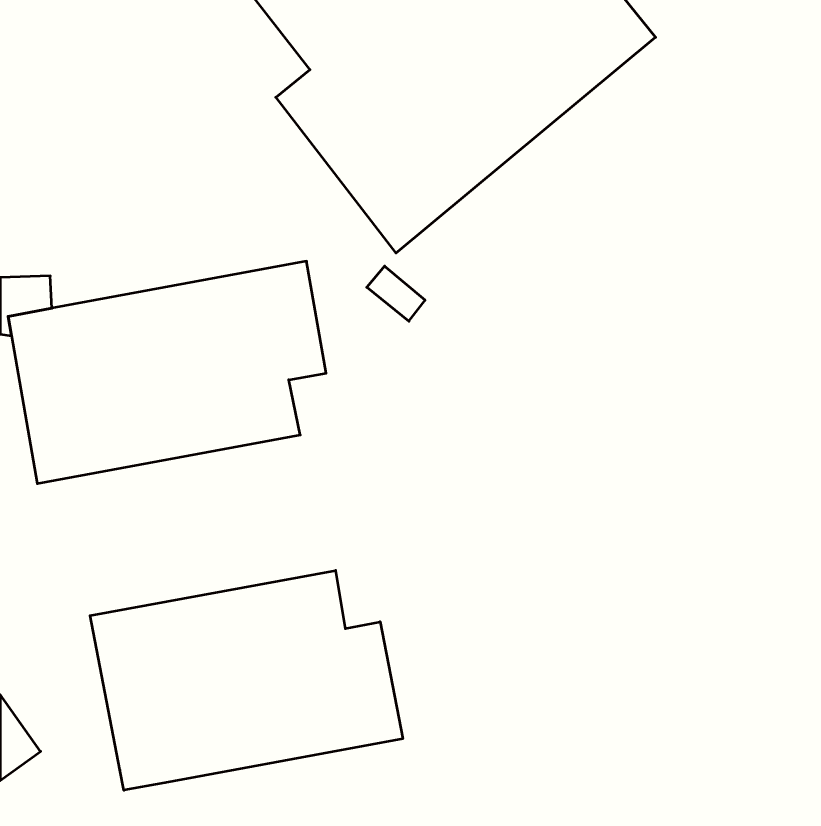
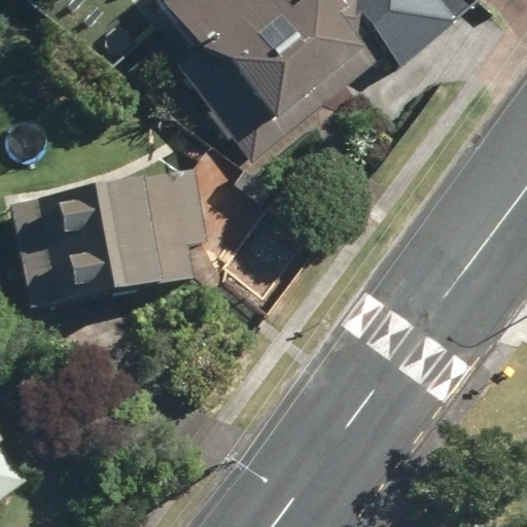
building: [90,570,403,790] -> none

